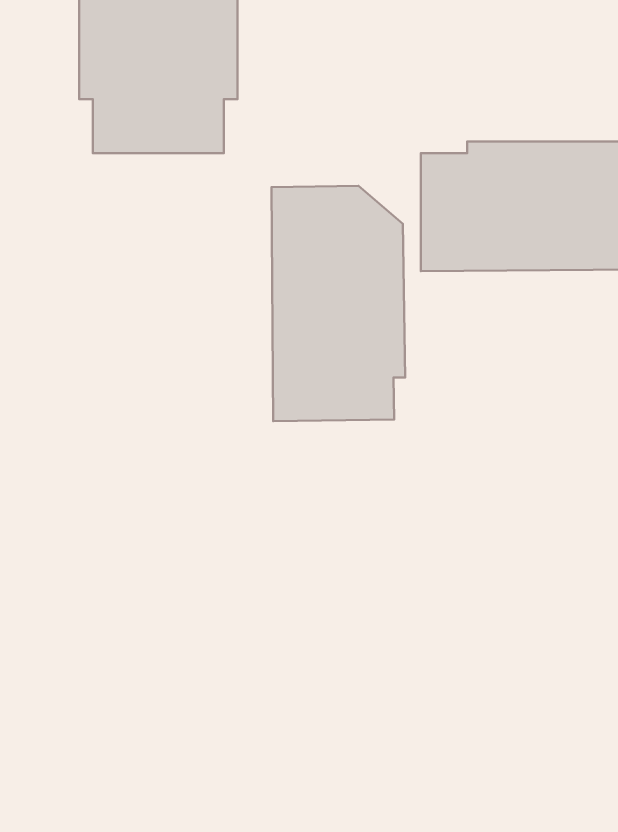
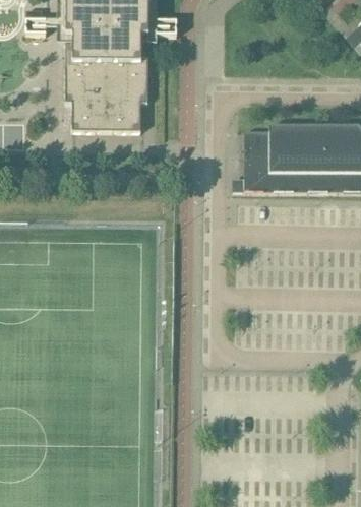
building: [271,186,405,421] -> none

